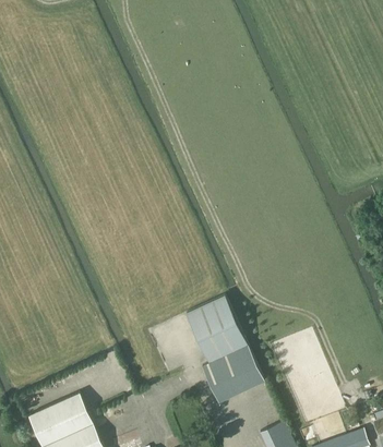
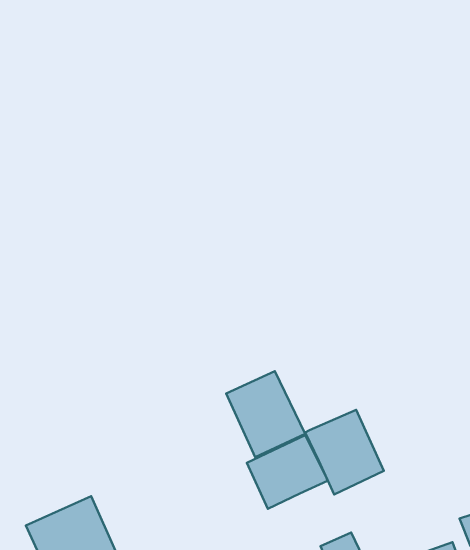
building: none -> [305,410,384,494]

